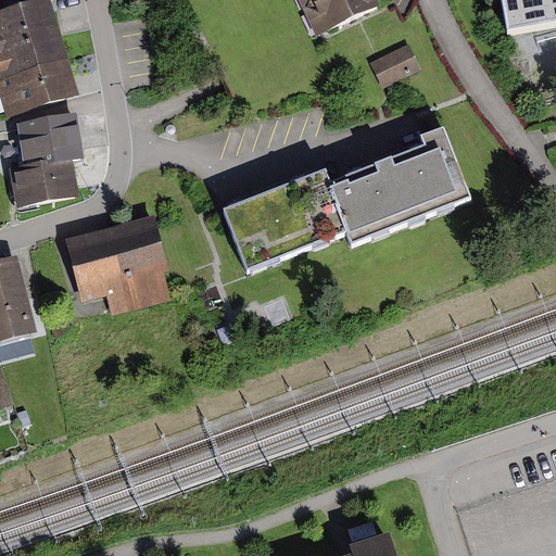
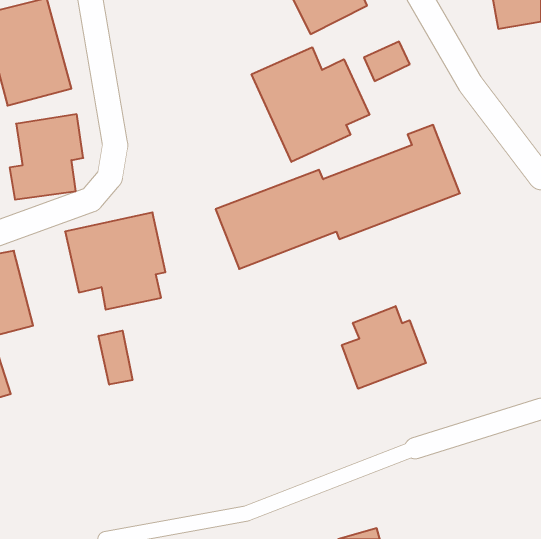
building: none -> [252,47,369,162]
building: none -> [342,306,426,389]
building: none -> [99,331,132,385]

